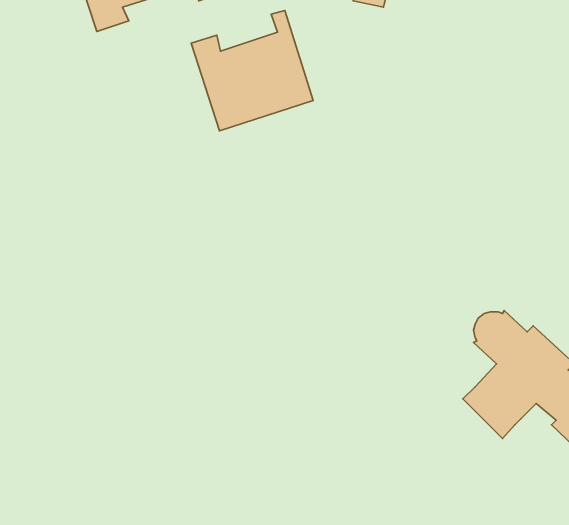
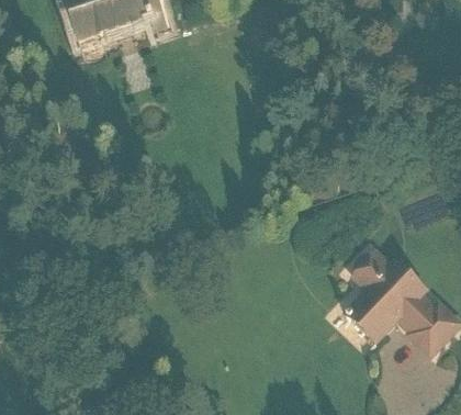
building: [191,11,313,131] -> none

